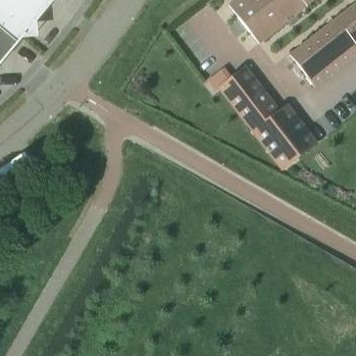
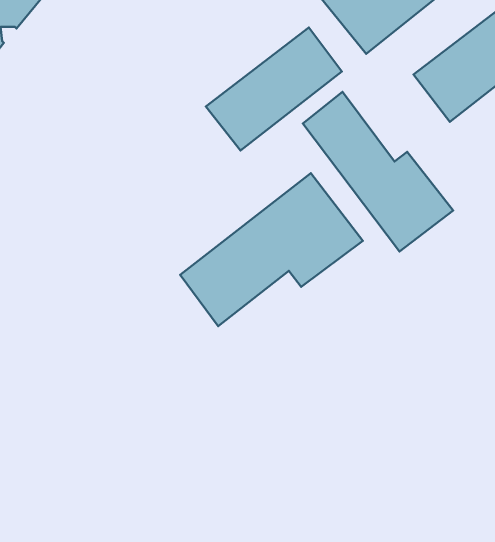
building: none -> [206,28,342,150]
building: none -> [180,173,363,326]

